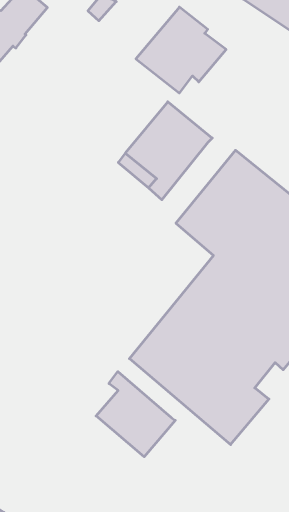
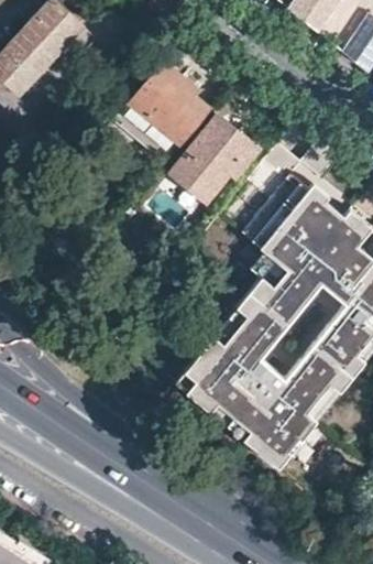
building: [136,7,226,93] -> [113,62,211,155]
building: [96,372,175,457] -> none

